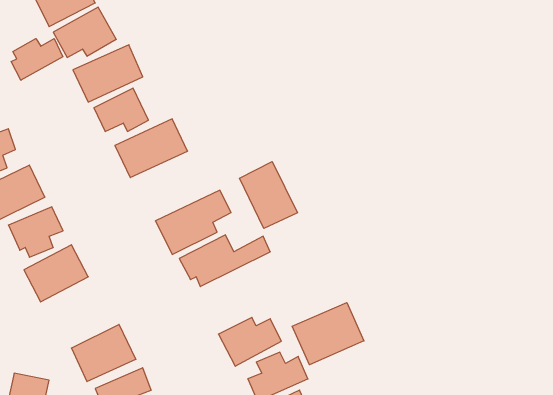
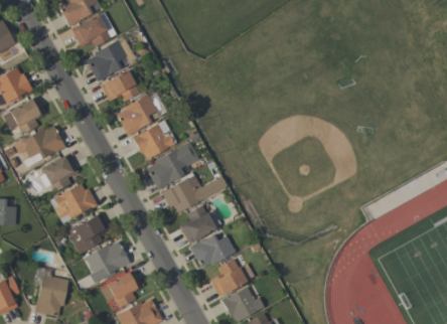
building: [11,39,63,80] -> none
building: none -> [133,122,175,159]
building: [240,162,298,228] -> none
building: none -> [180,205,215,242]
building: none -> [66,212,109,255]
building: [292,303,364,365] -> none

